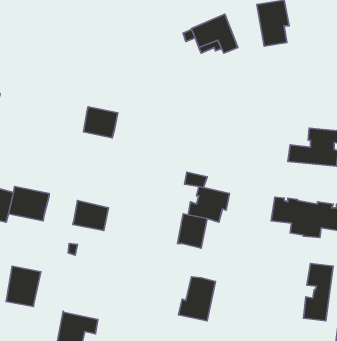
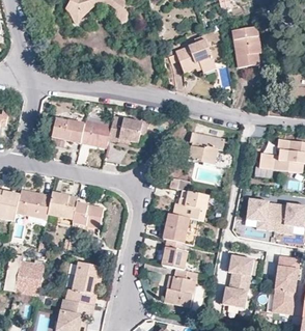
building: none -> [108,115,147,141]
building: none -> [51,117,84,143]
building: none -> [184,132,224,164]
building: none -> [47,193,77,219]
building: none -> [162,239,187,269]
building: none -> [220,255,253,308]
building: none -> [64,260,103,305]

